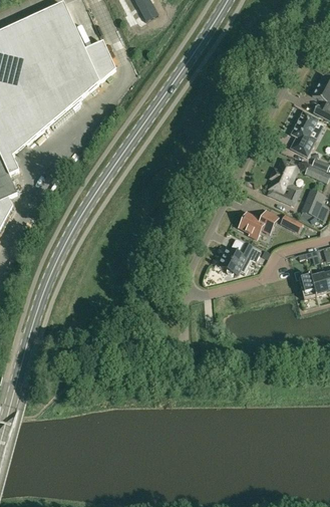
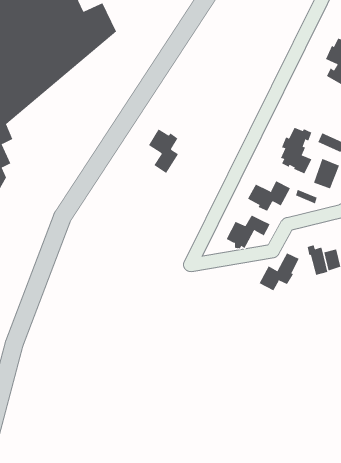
building: [291,109,319,156] -> none
building: none -> [148,128,179,174]
building: none -> [259,252,300,291]

